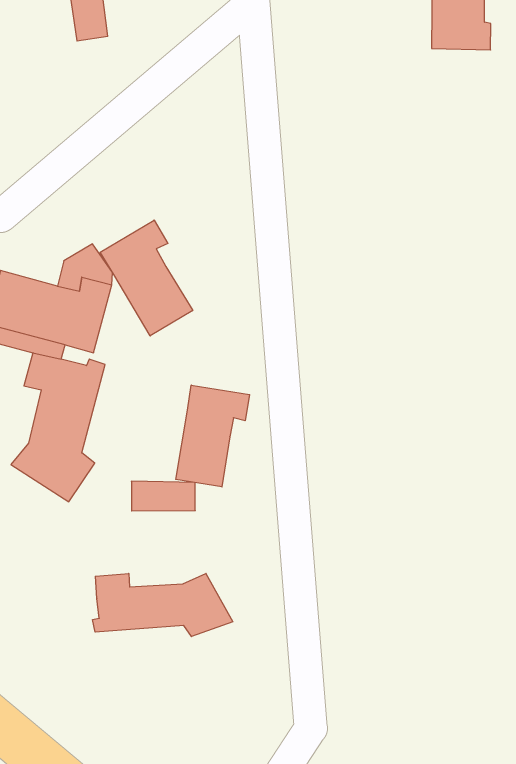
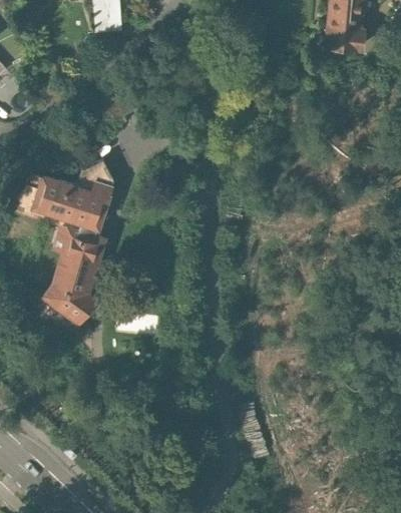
building: [100,220,193,336] -> none
building: [176,385,250,487] -> none
building: [93,573,233,637] -> none

